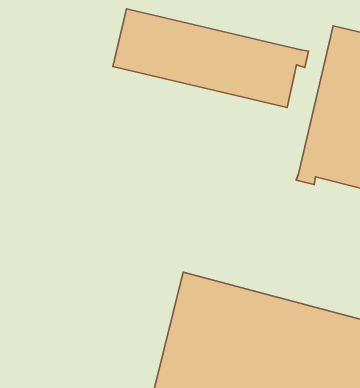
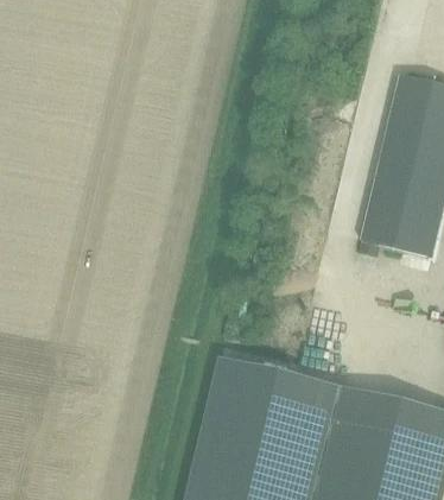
building: [113,9,309,108] -> none

